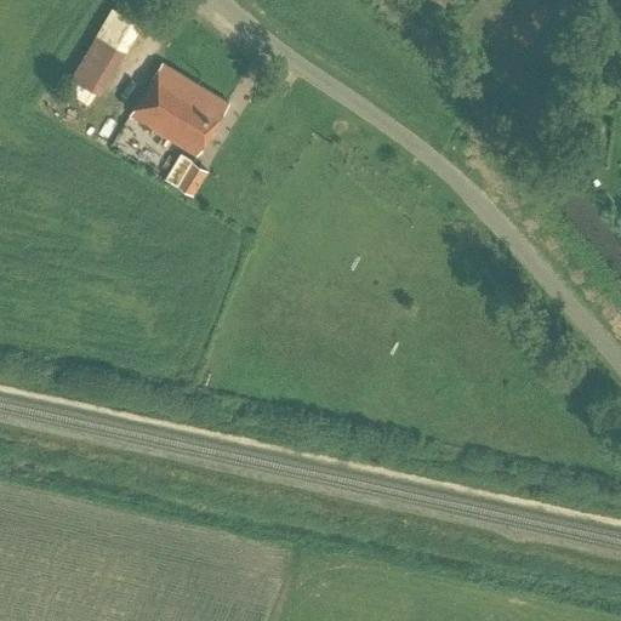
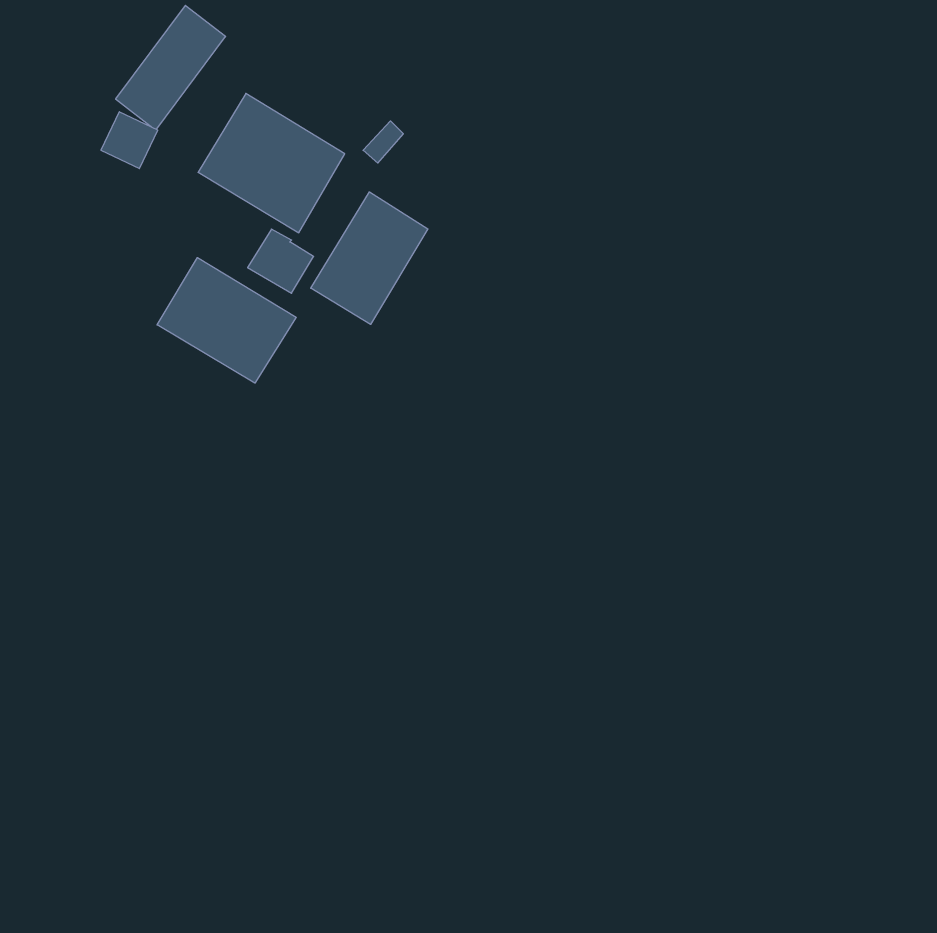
building: none -> [311,192,428,324]
building: none -> [157,258,296,383]

